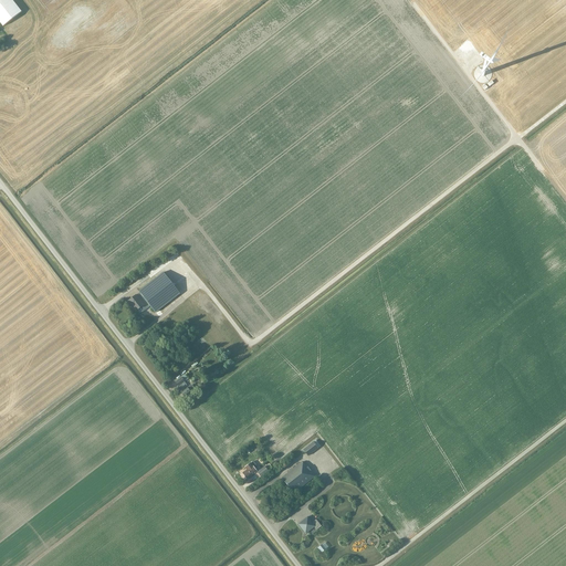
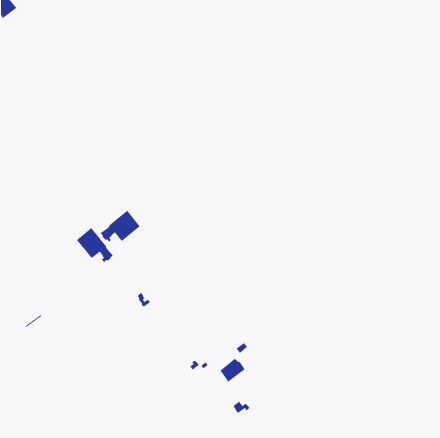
building: none -> [76,227,114,263]

